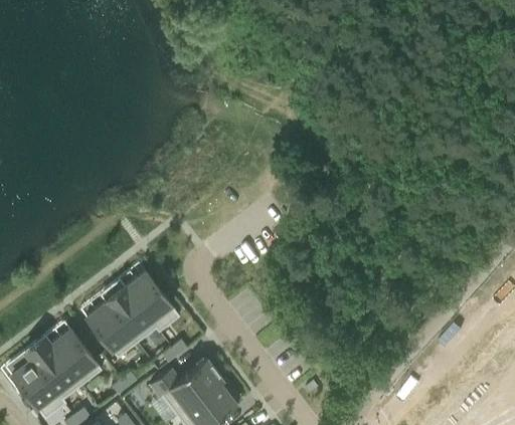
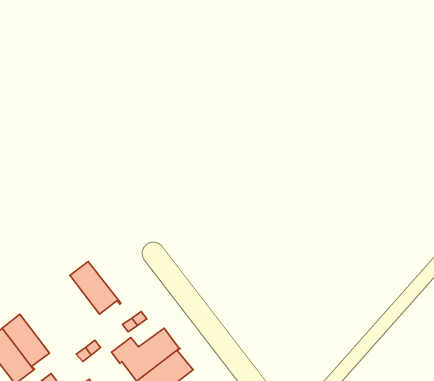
building: [123,270,178,330] -> none
building: [84,300,135,356] -> none
building: [48,328,100,384] -> none

